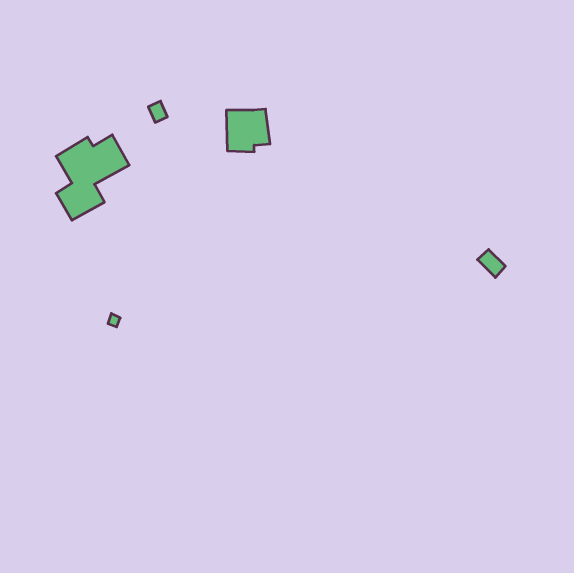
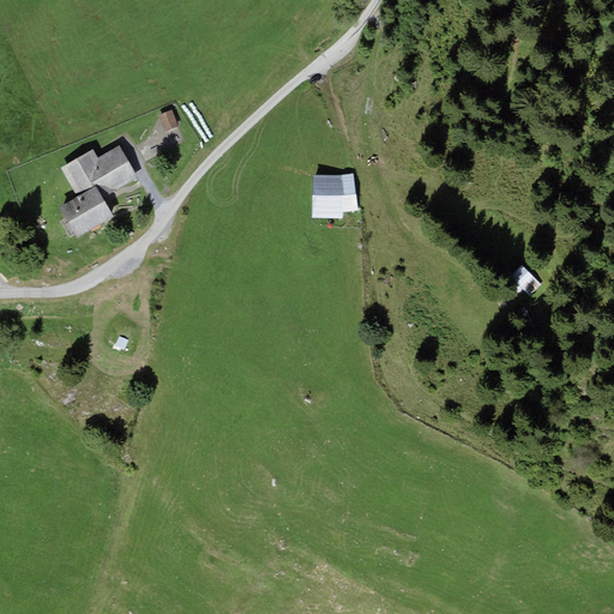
building: [226,109,270,152] -> [312,173,359,218]

